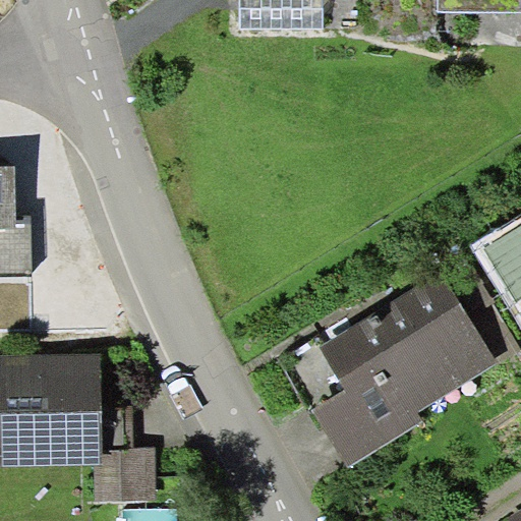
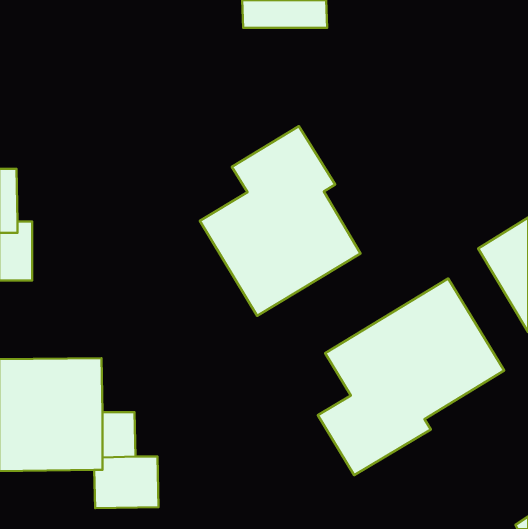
building: none -> [200,126,361,316]

